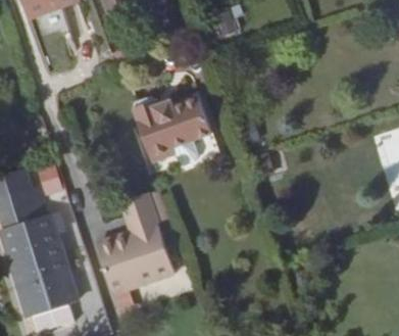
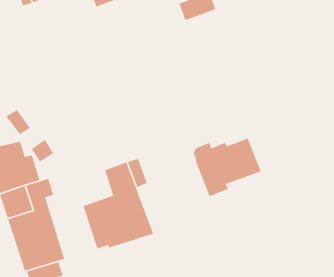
building: [134,95,211,162] -> [193,137,262,197]

